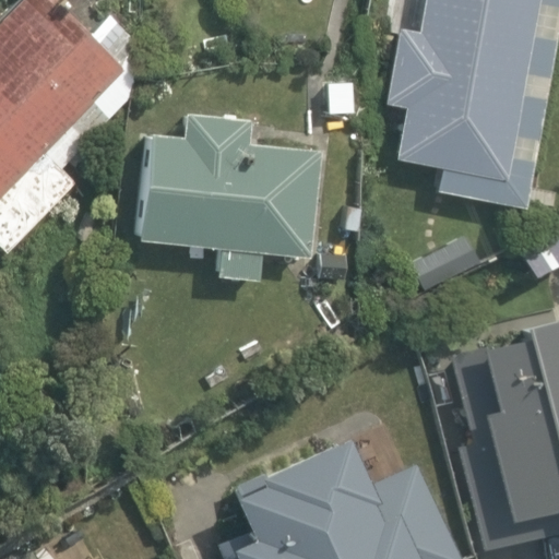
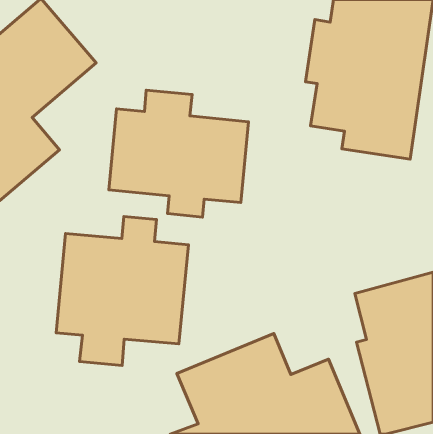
building: none -> [56,217,188,366]

